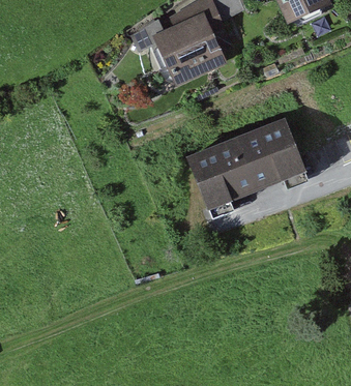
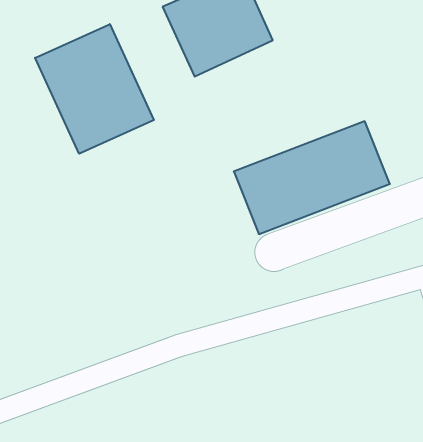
building: none -> [35,24,154,154]

